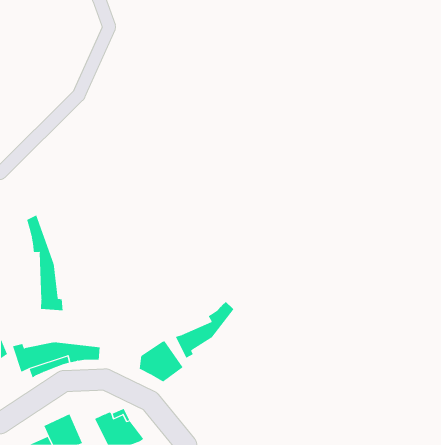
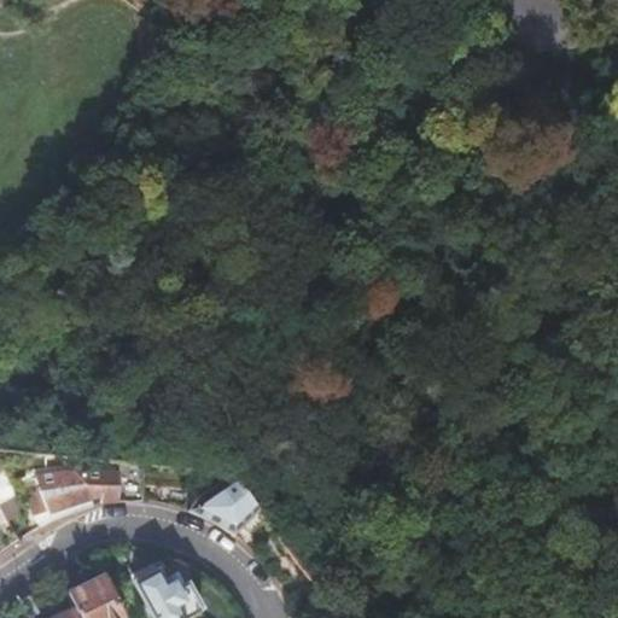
building: [27,214,63,311] -> none
building: [175,301,234,359] -> none

